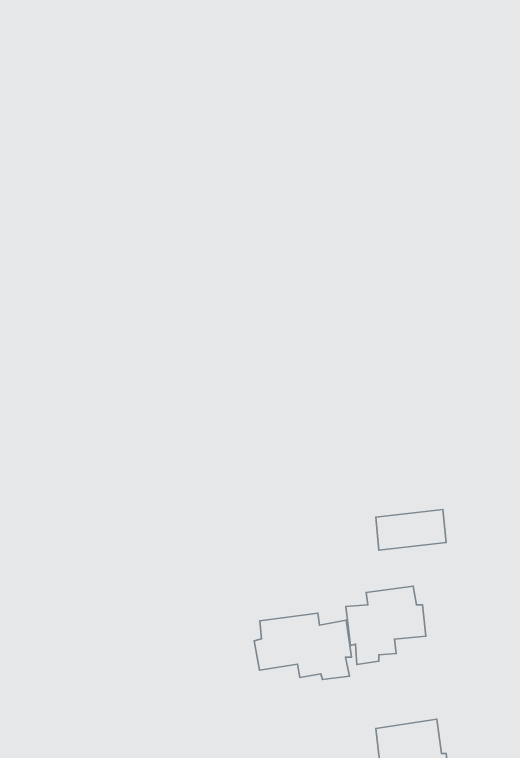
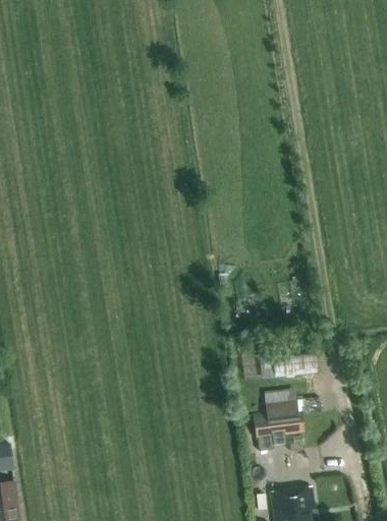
building: [254,613,352,680] -> none

